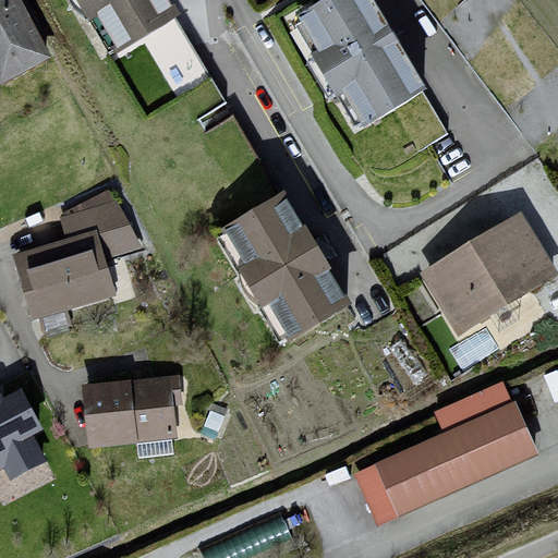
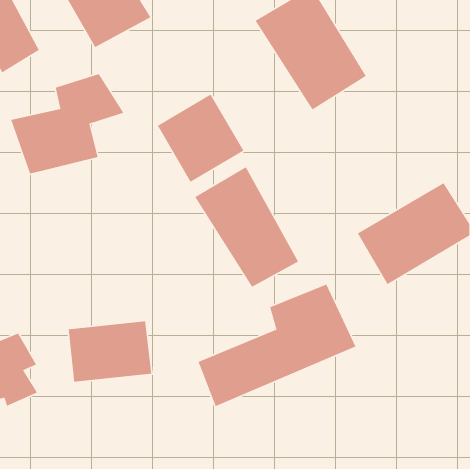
building: none -> [157,94,245,183]
building: [8,197,142,316] -> [10,73,124,174]
building: [349,381,535,526] -> [198,284,356,407]

